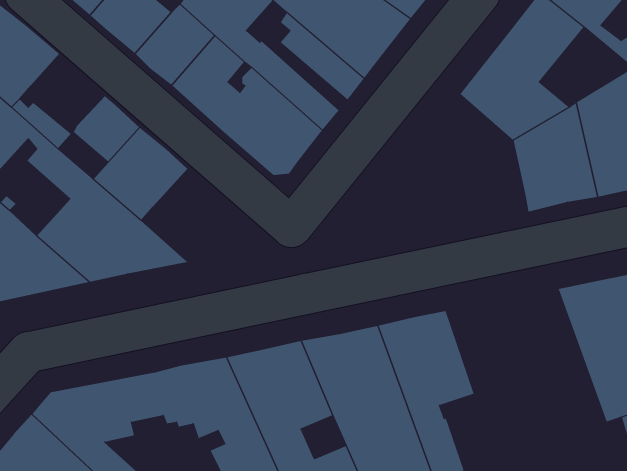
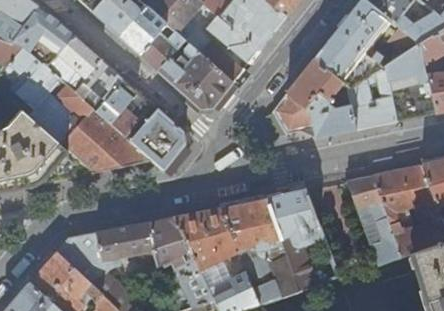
building: none -> [58,35,102,78]
building: none -> [274,59,356,138]
building: none -> [124,109,185,170]
building: none -> [348,176,403,264]

